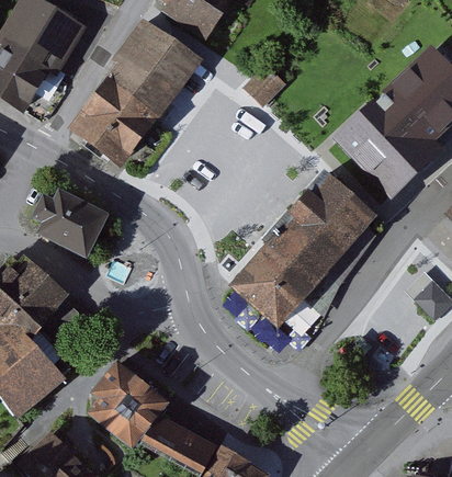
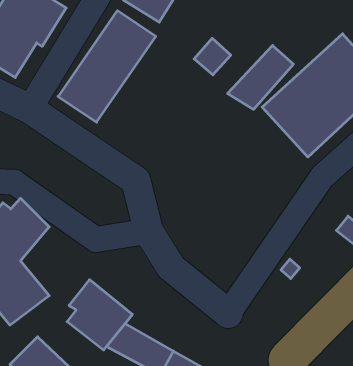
building: none -> [228,45,293,109]
building: [230,178,375,329] -> none
building: [38,194,106,257] -> none

